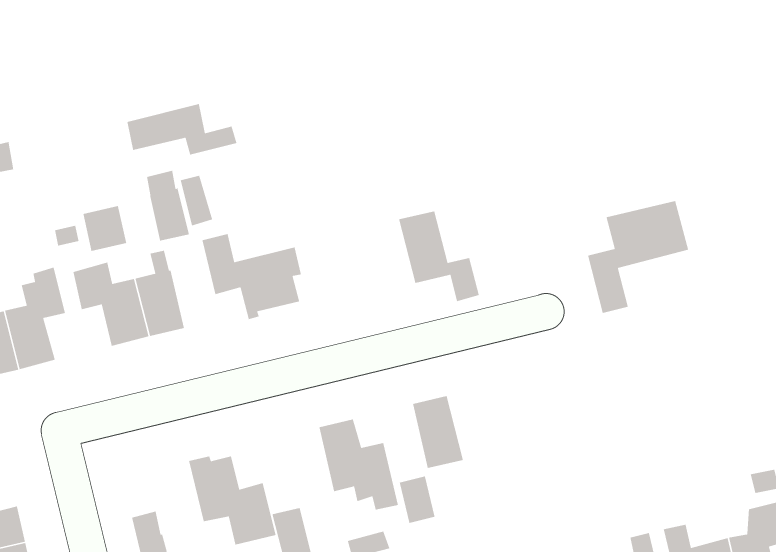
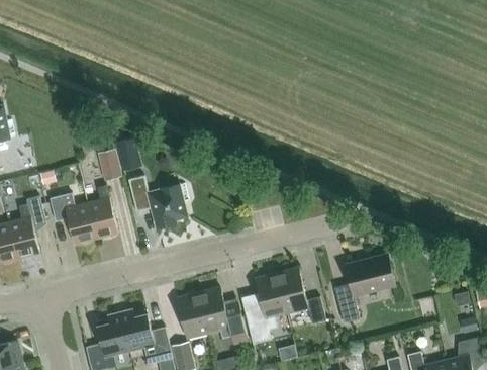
building: [127,103,237,156] -> none
building: [587,200,689,314] -> [333,254,395,322]
building: [82,205,127,252] -> none
building: [398,210,480,302] -> [276,268,325,323]
building: none -> [176,292,207,338]
building: none -> [95,312,128,357]

